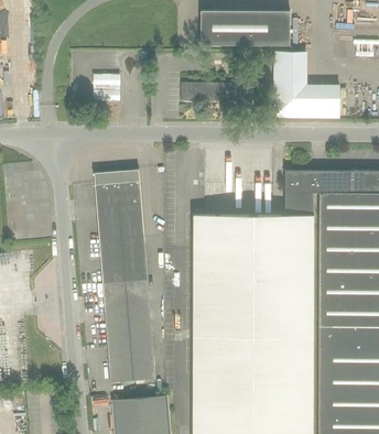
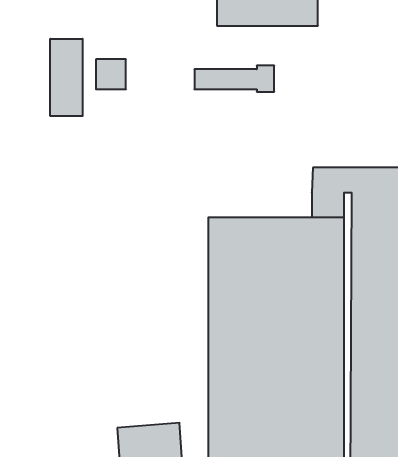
building: [273,52,340,118] -> none
building: none -> [50,39,83,116]
building: [94,170,155,382] -> none

